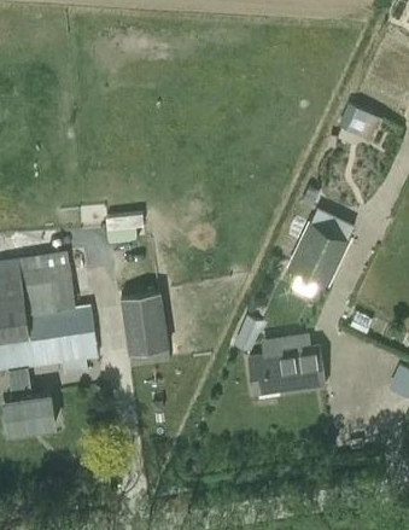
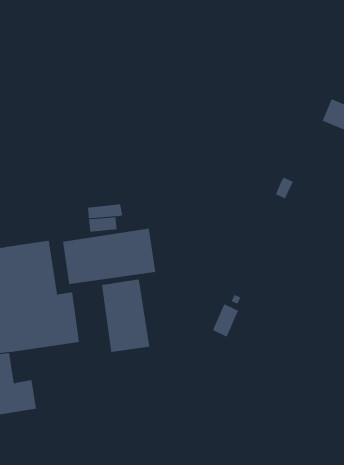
building: [286,210,352,286] -> none
building: none -> [63,228,156,285]
building: [249,345,325,394] -> none

